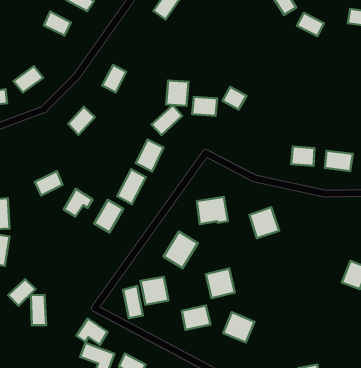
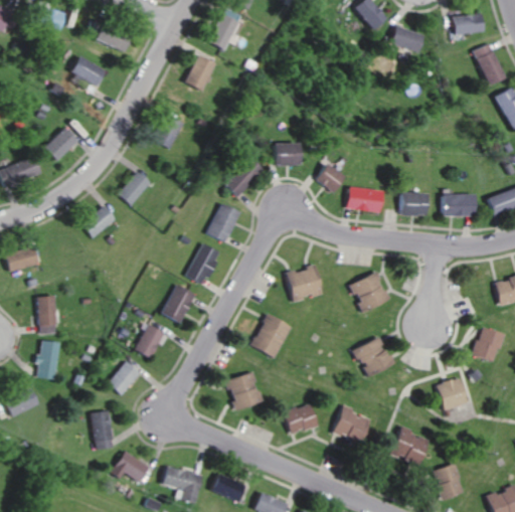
building: none -> [185,54,216,91]
building: [166,80,188,106] -> none
building: [222,87,246,110] -> [313,164,342,191]
building: none -> [346,188,381,211]
building: [35,171,63,196] -> [80,206,116,238]
building: [64,189,92,216] -> [137,324,171,358]
building: [206,268,235,298] -> [359,337,397,376]
building: [8,279,35,306] -> [109,362,142,396]
building: [123,286,143,318] -> none
building: none -> [441,379,471,409]
building: [76,319,108,345] -> [112,450,150,481]
building: none -> [392,428,432,466]

